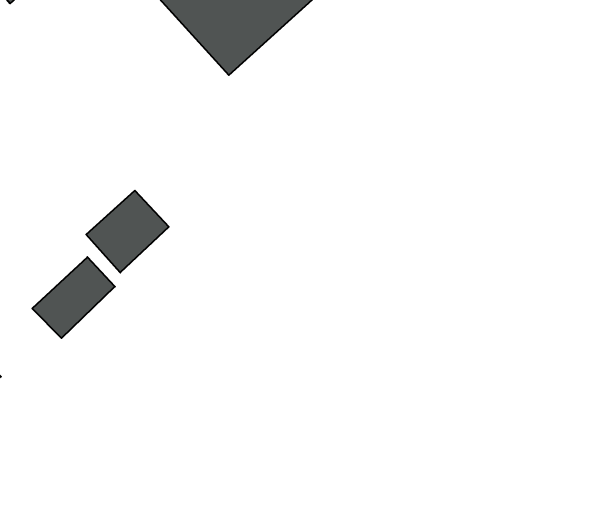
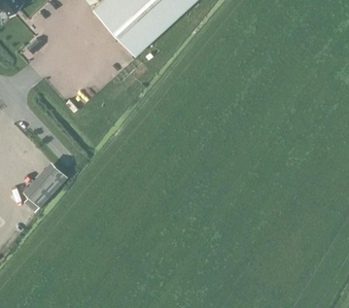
building: [86,191,169,273] -> none

